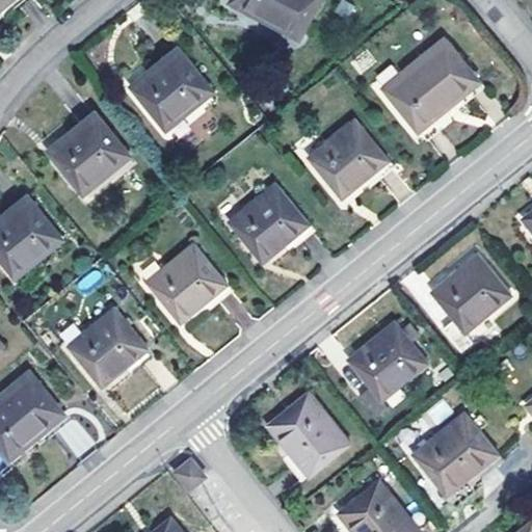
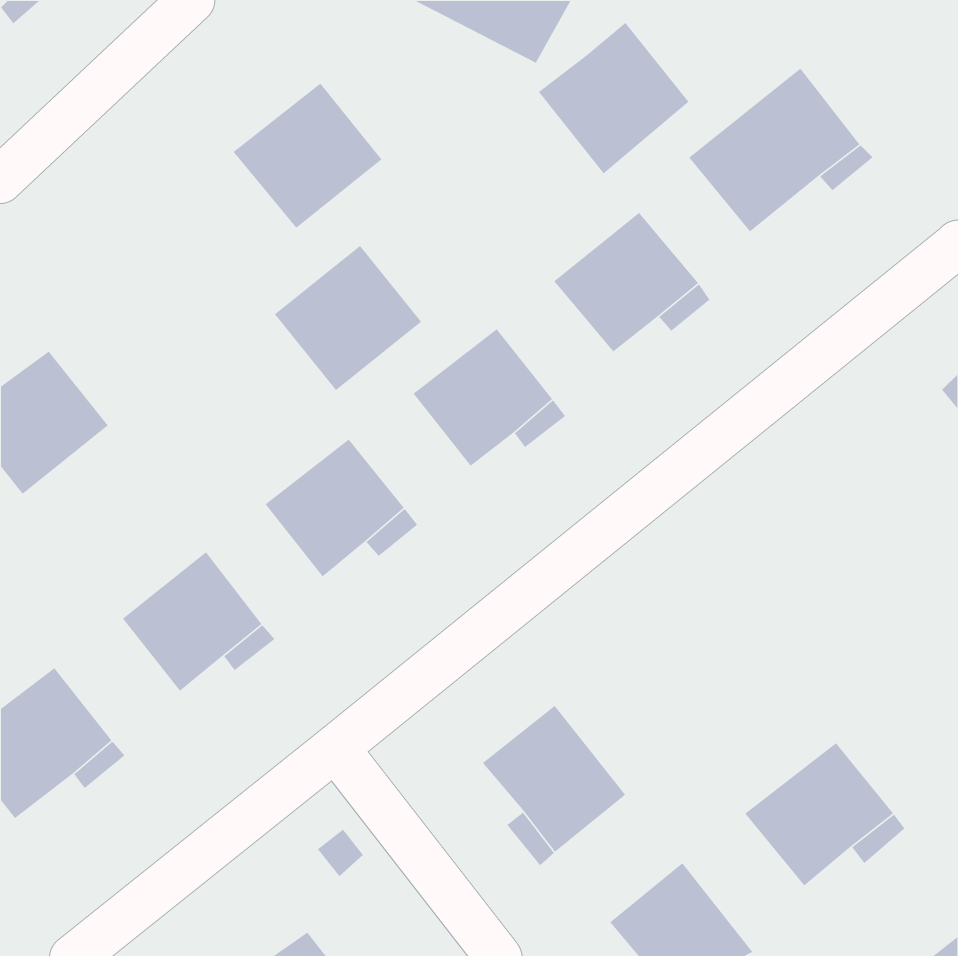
building: none -> [538,22,689,175]
building: [47,111,129,192] -> [274,245,422,391]
building: [430,254,509,349] -> none
building: [346,322,425,418] -> none

